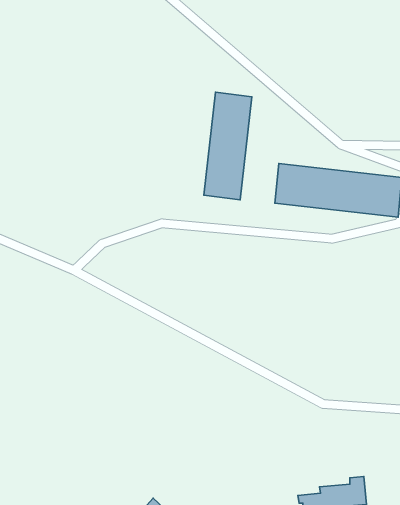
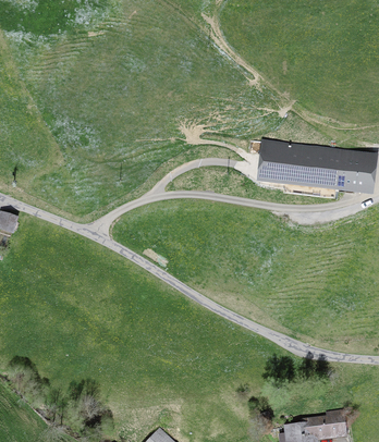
building: [204,92,252,200] -> none

